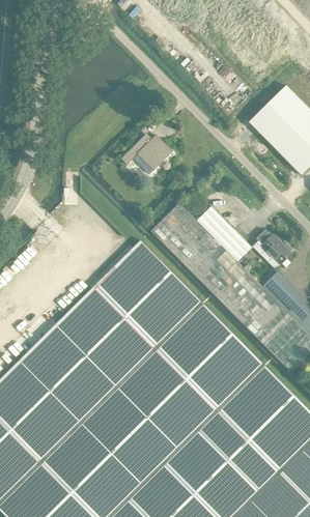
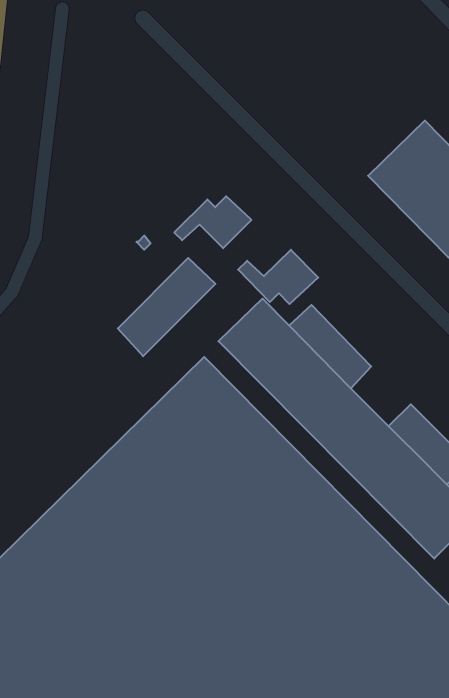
building: none -> [238,250,318,304]
building: none -> [118,258,215,356]
building: [256,231,292,265] -> none

